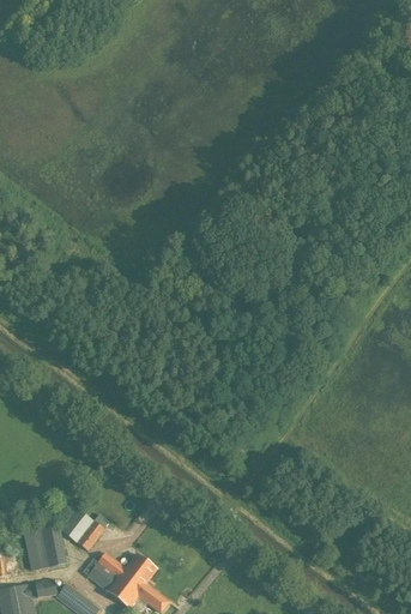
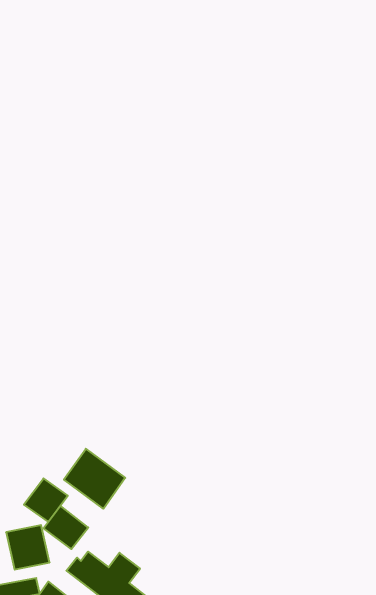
building: none -> [64,449,125,509]
building: none -> [24,478,68,522]

